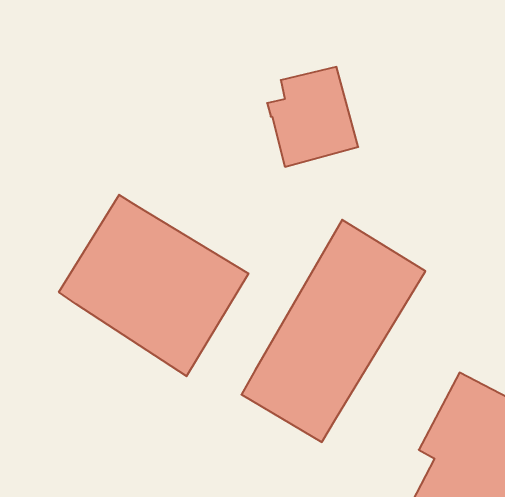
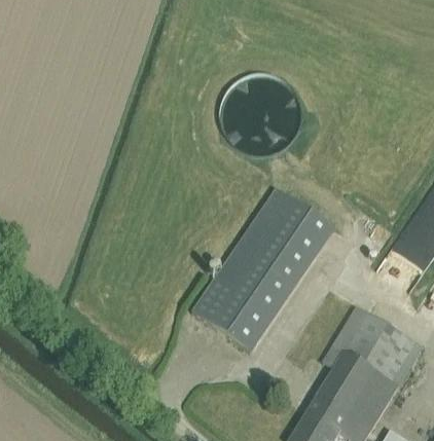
building: [59,195,248,376] -> none

